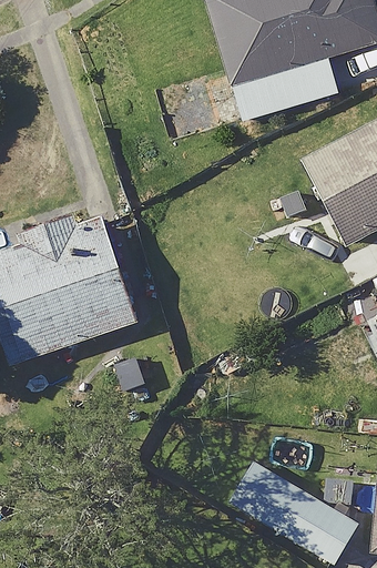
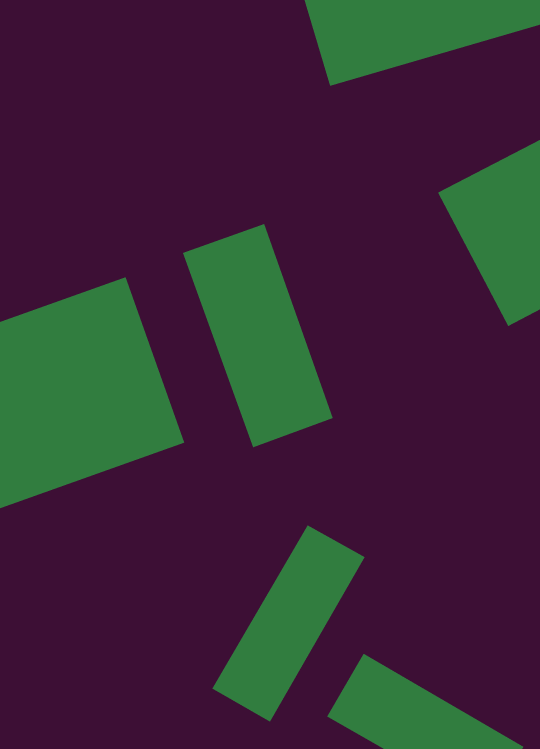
building: none -> [182,223,333,448]
building: none -> [212,525,366,723]

